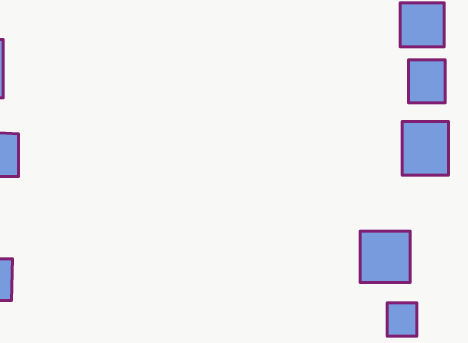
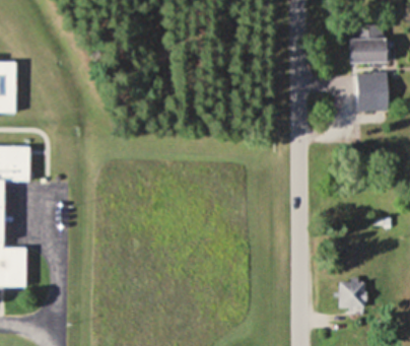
building: [402,121,449,175] -> none
building: [360,231,410,283] -> none

